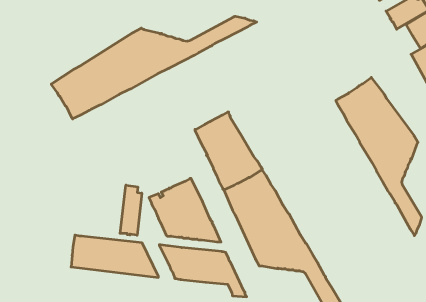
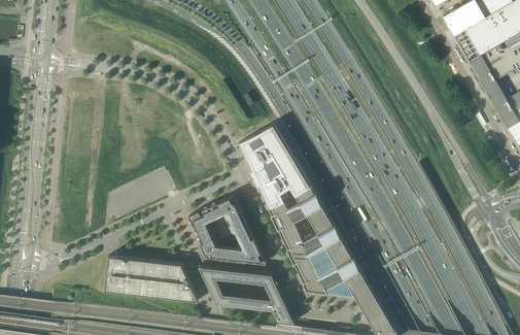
building: [51,16,257,119] -> none
building: [336,77,422,236] -> none
building: [120,185,142,235] -> none

